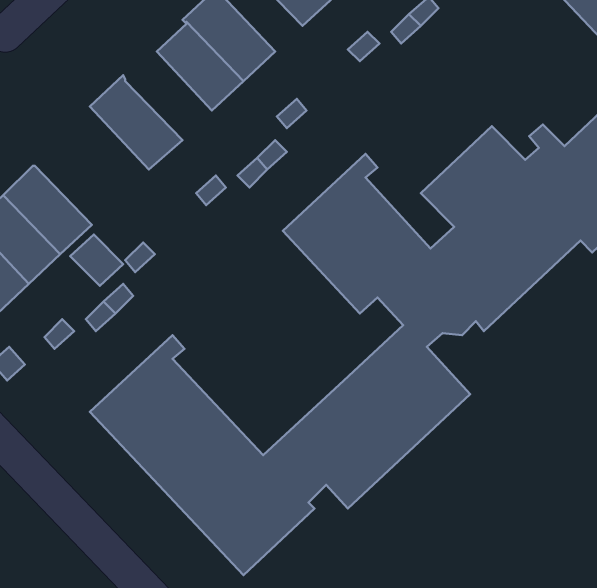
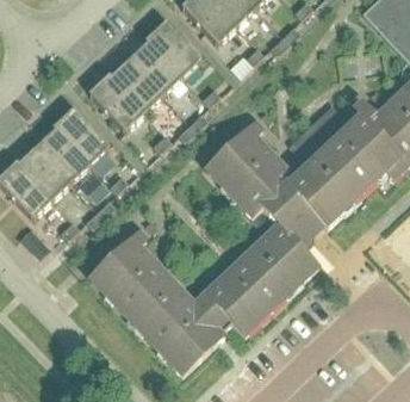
building: none -> [111,57,163,111]
building: none -> [54,106,110,162]

